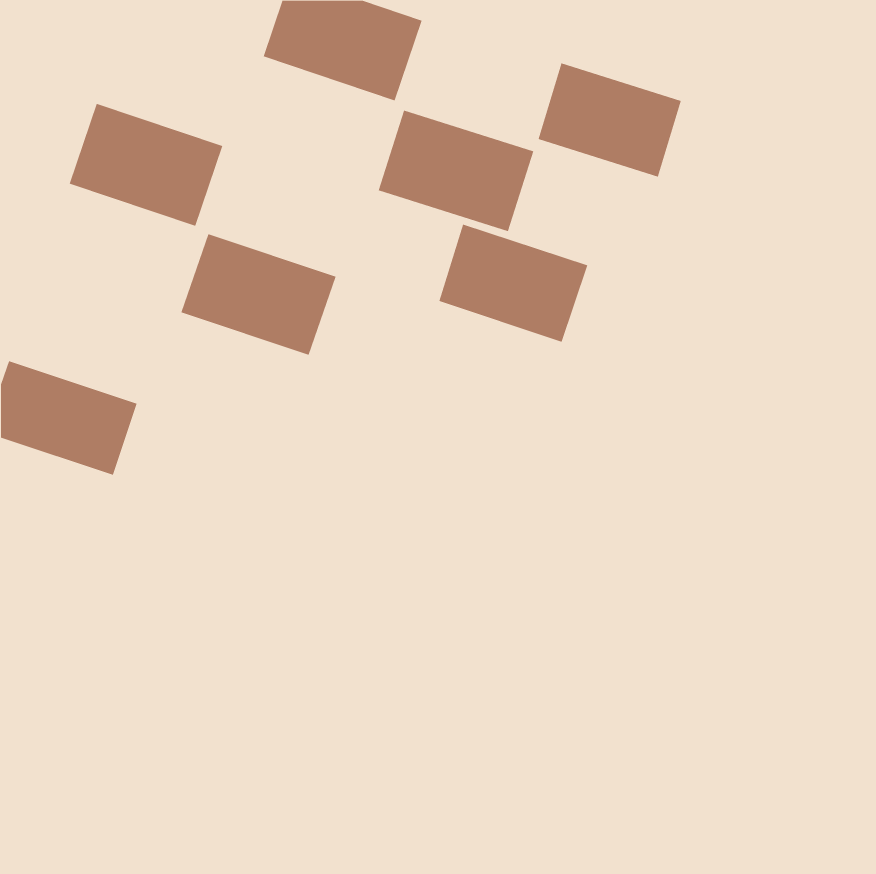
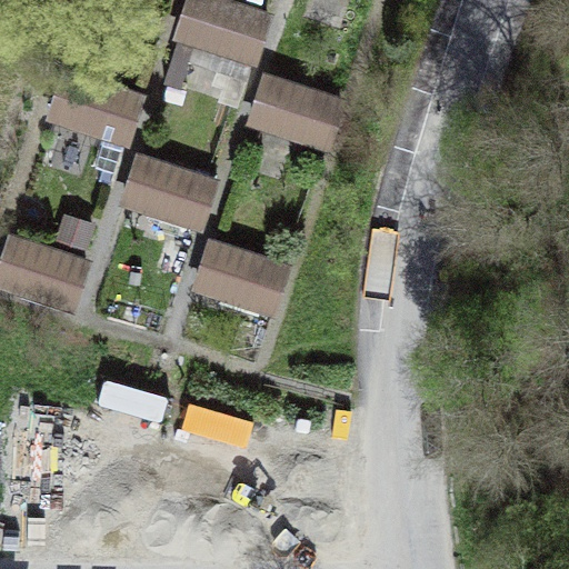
building: [538,62,681,177] -> none
building: [439,224,588,342] -> [193,240,290,317]

